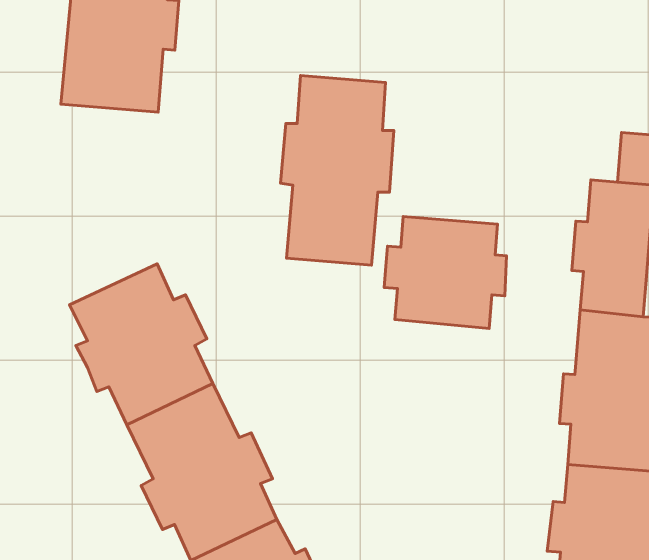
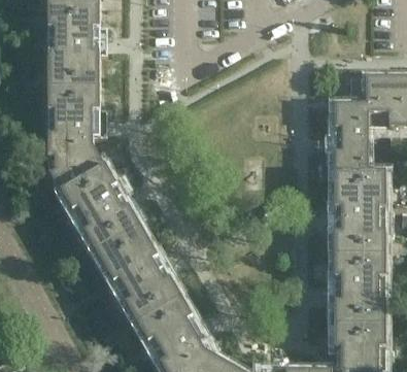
building: [281,76,394,265] -> none
building: none -> [46,86,105,193]
building: [384,216,506,329] -> none

